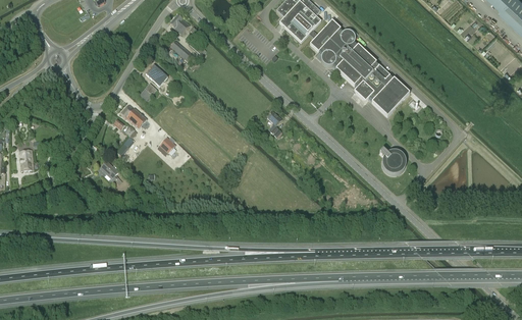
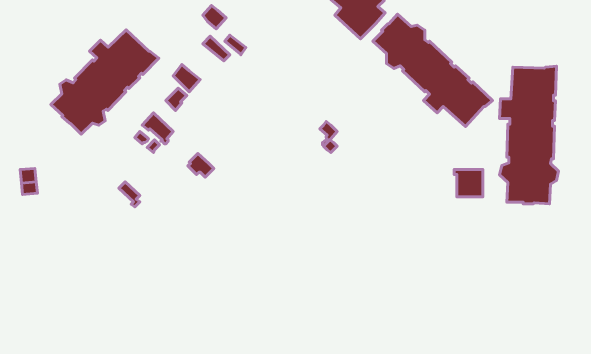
building: none -> [51,30,159,134]
building: none -> [500,66,559,204]

